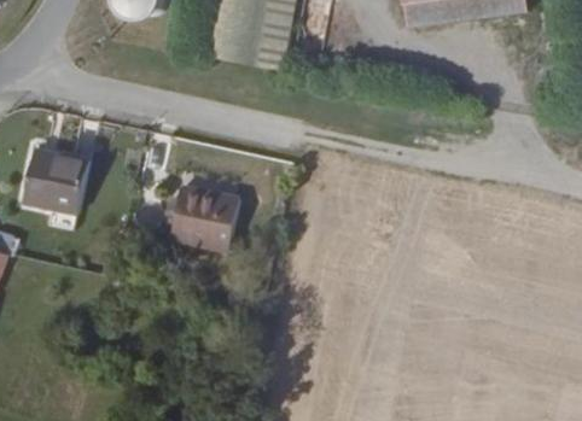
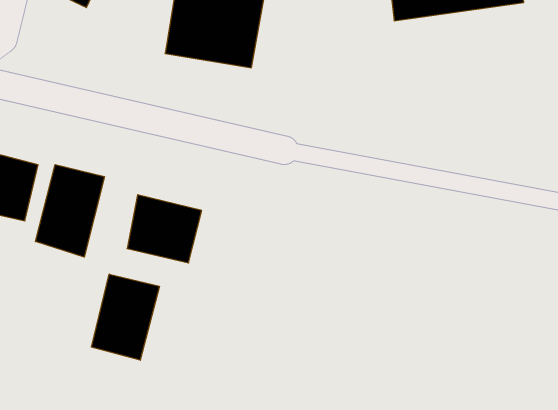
building: none -> [35,165,104,257]
building: none -> [92,274,159,360]

